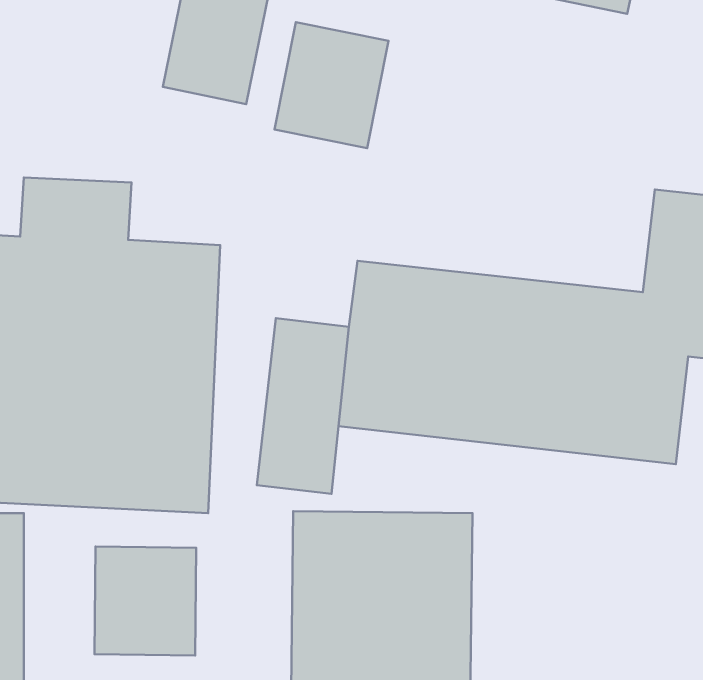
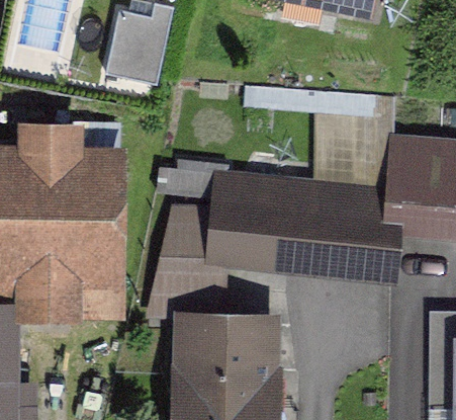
building: [274,22,389,148] -> none
building: [95,547,196,655] -> none

